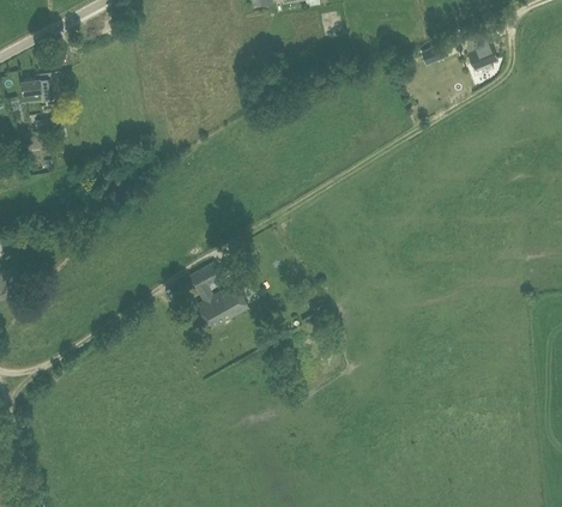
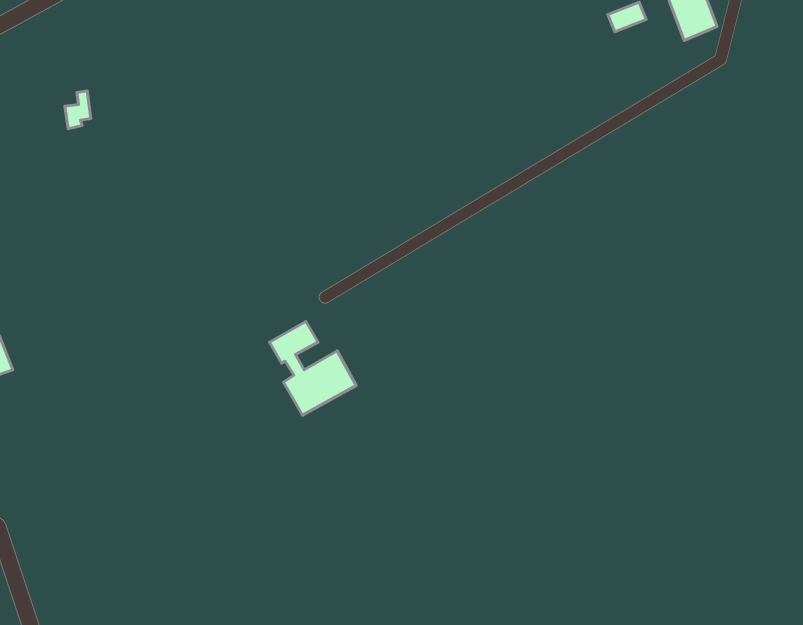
building: [20,73,53,99] -> none

